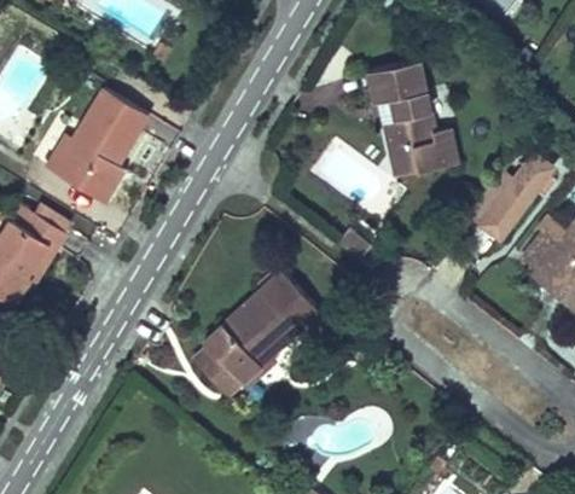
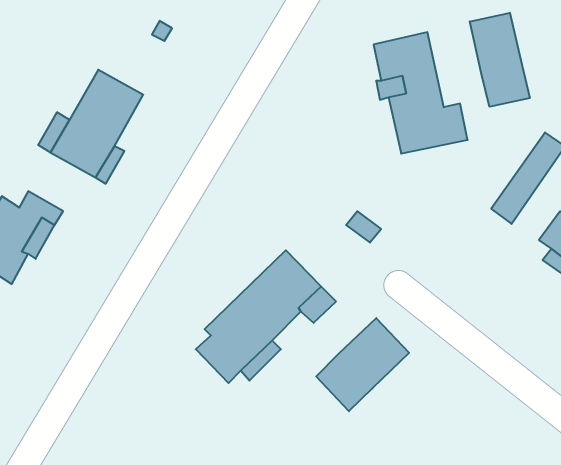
building: none -> [470,13,530,107]
building: none -> [316,318,409,411]

